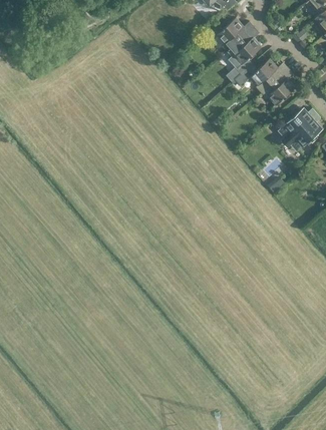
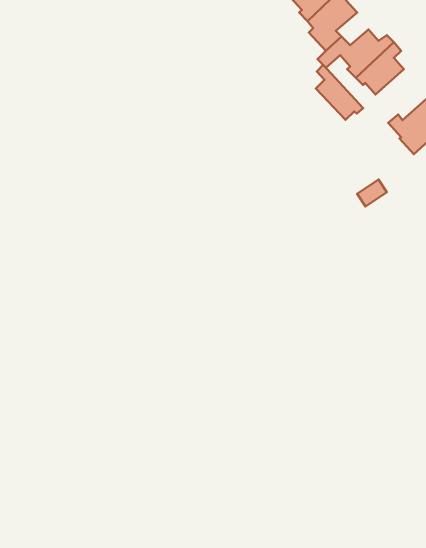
building: none -> [316,65,363,120]

